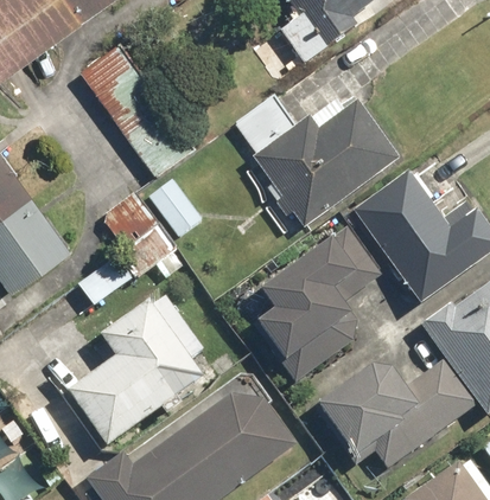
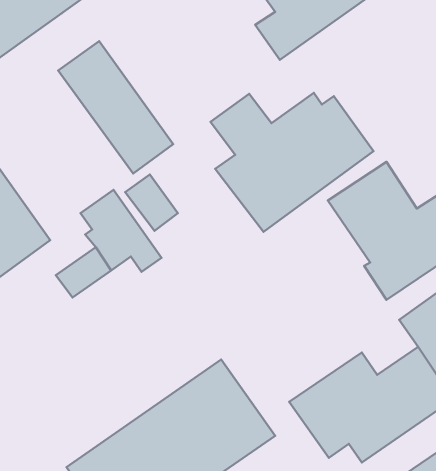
building: [253,229,402,382] -> none
building: [68,291,208,445] -> none

